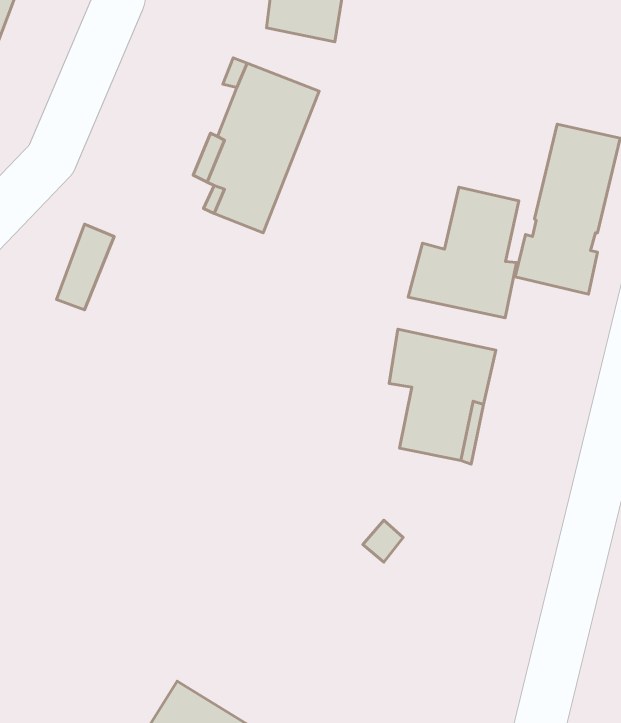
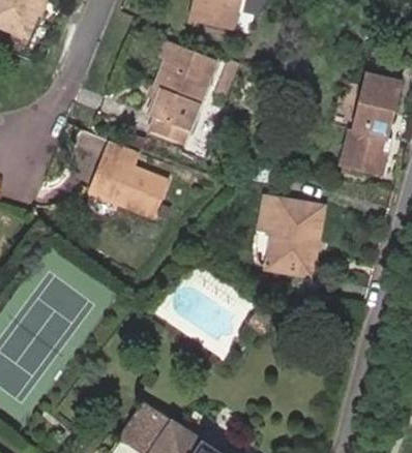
building: [408,187,519,318] -> none
building: none -> [94,137,172,216]

